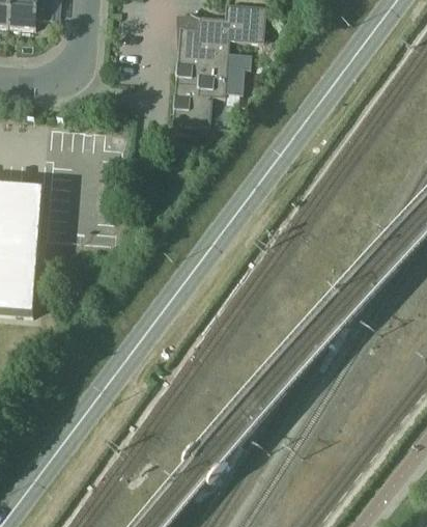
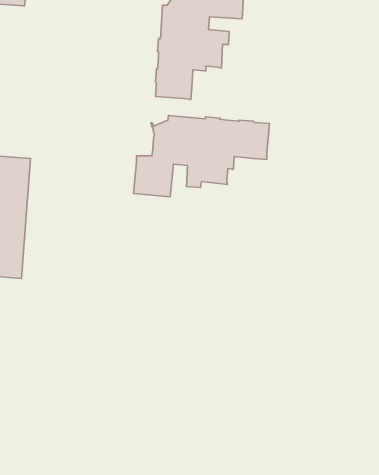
building: none -> [134,115,269,197]

